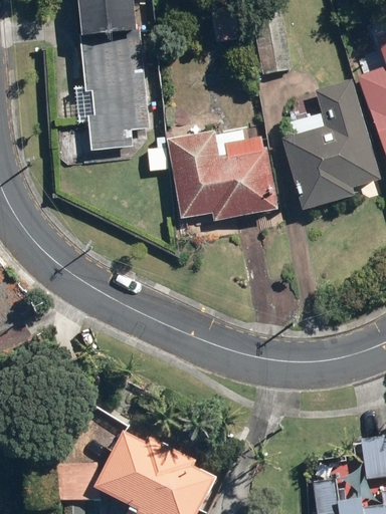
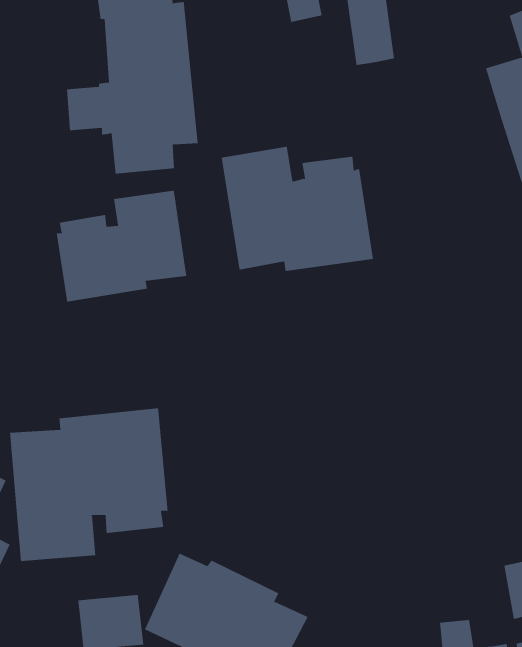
building: [279,81,377,213] -> none
building: none -> [56,190,187,302]
building: none -> [10,408,168,562]

